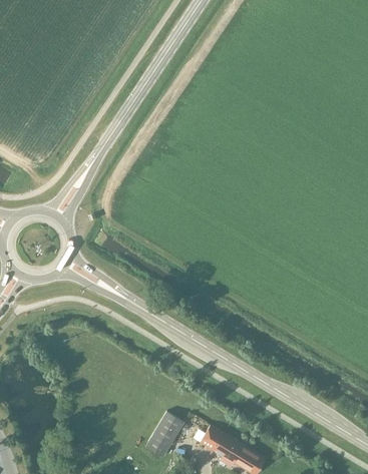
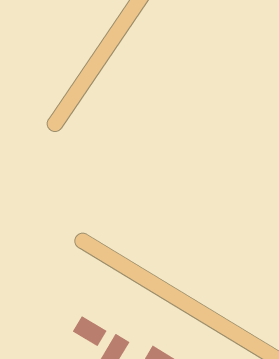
building: none -> [72,315,107,347]

